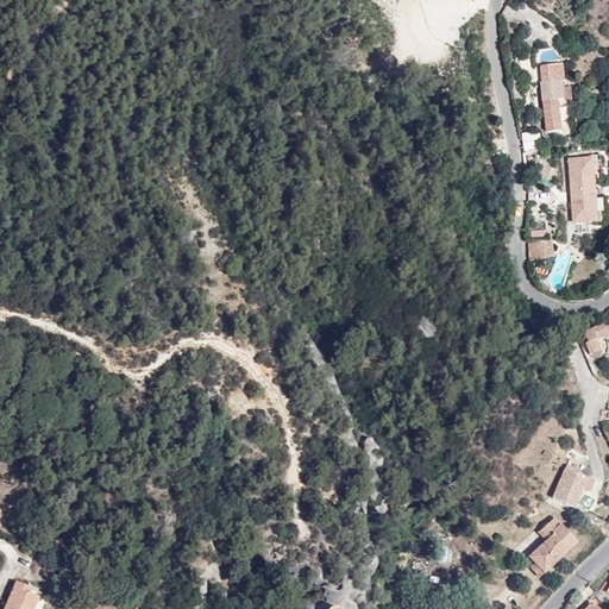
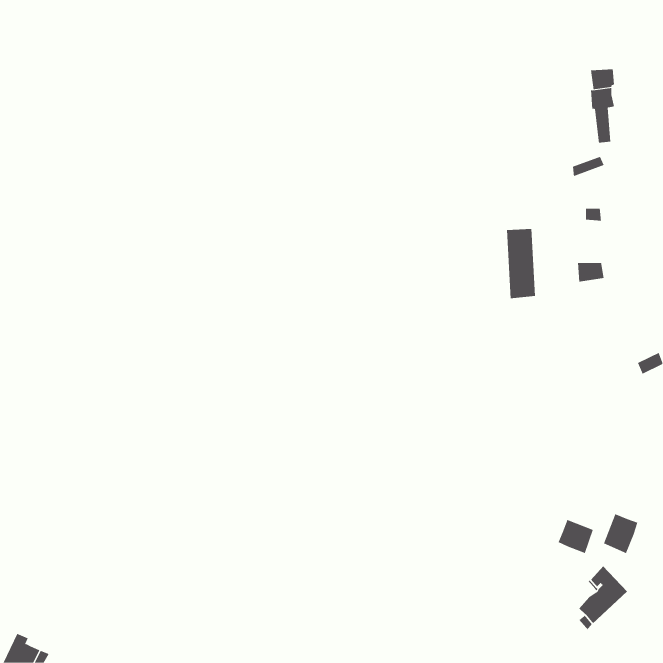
building: [570,157,597,221] -> [506,229,536,299]
building: none -> [558,519,594,554]

